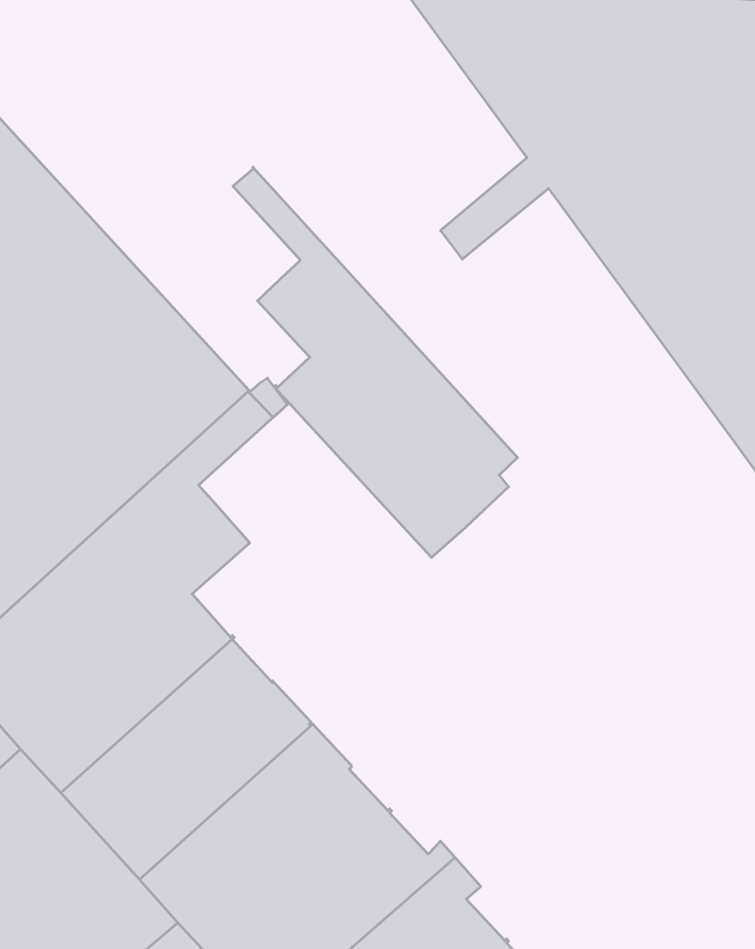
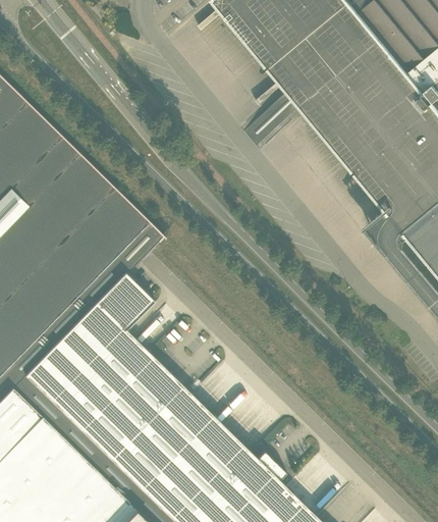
building: [233,167,518,558] -> none

